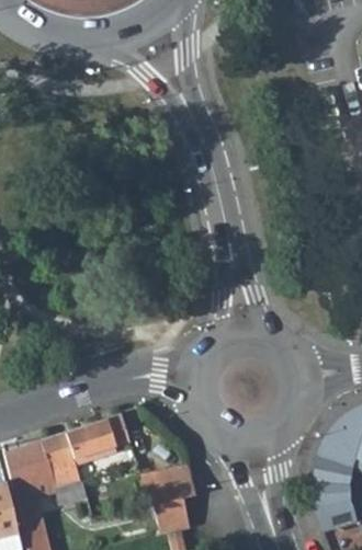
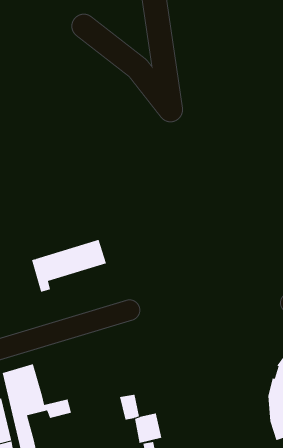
building: [44,416,133,479] -> [31,239,107,292]
building: [163,466,200,503] -> none

